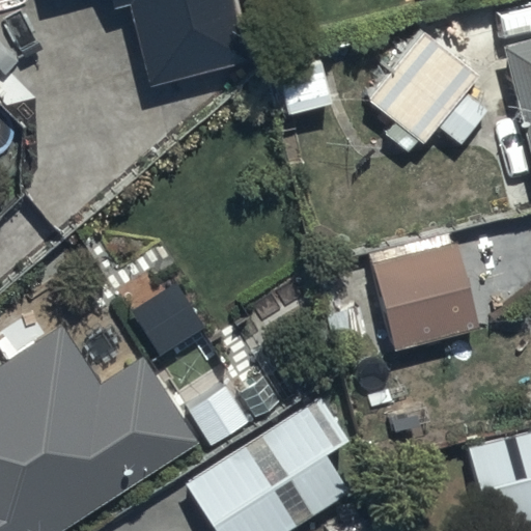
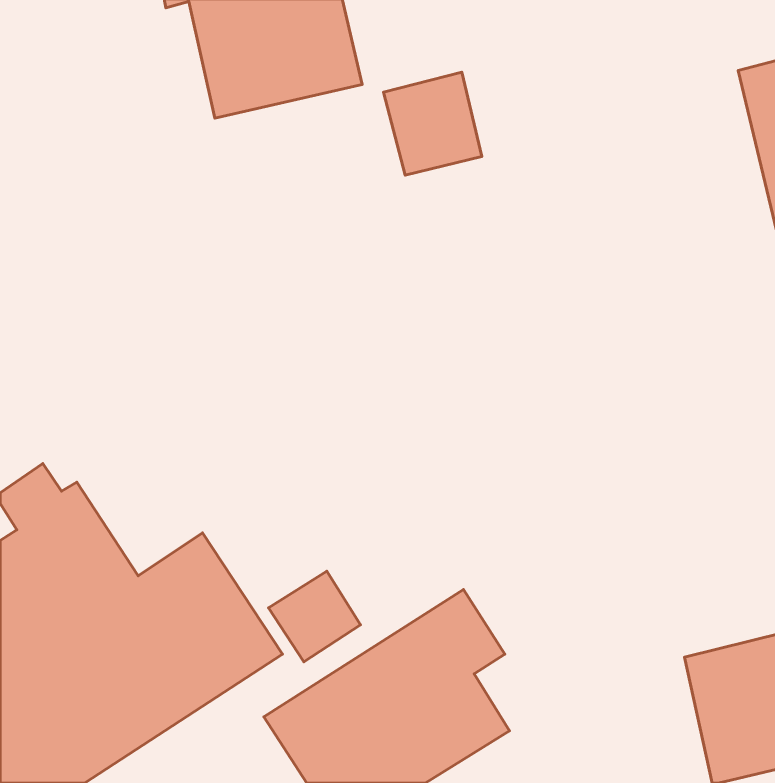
building: [366,31,491,146] -> none
building: [374,245,476,347] -> none

